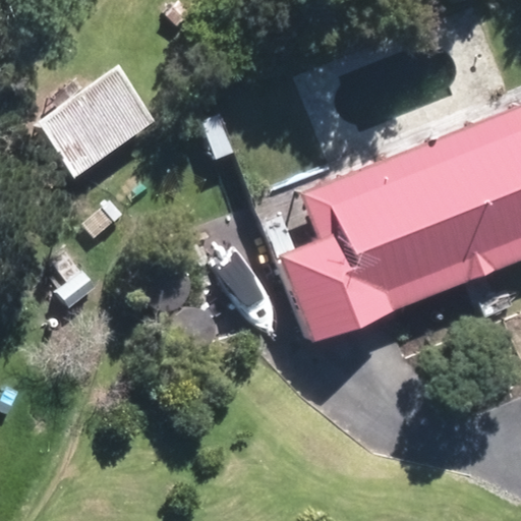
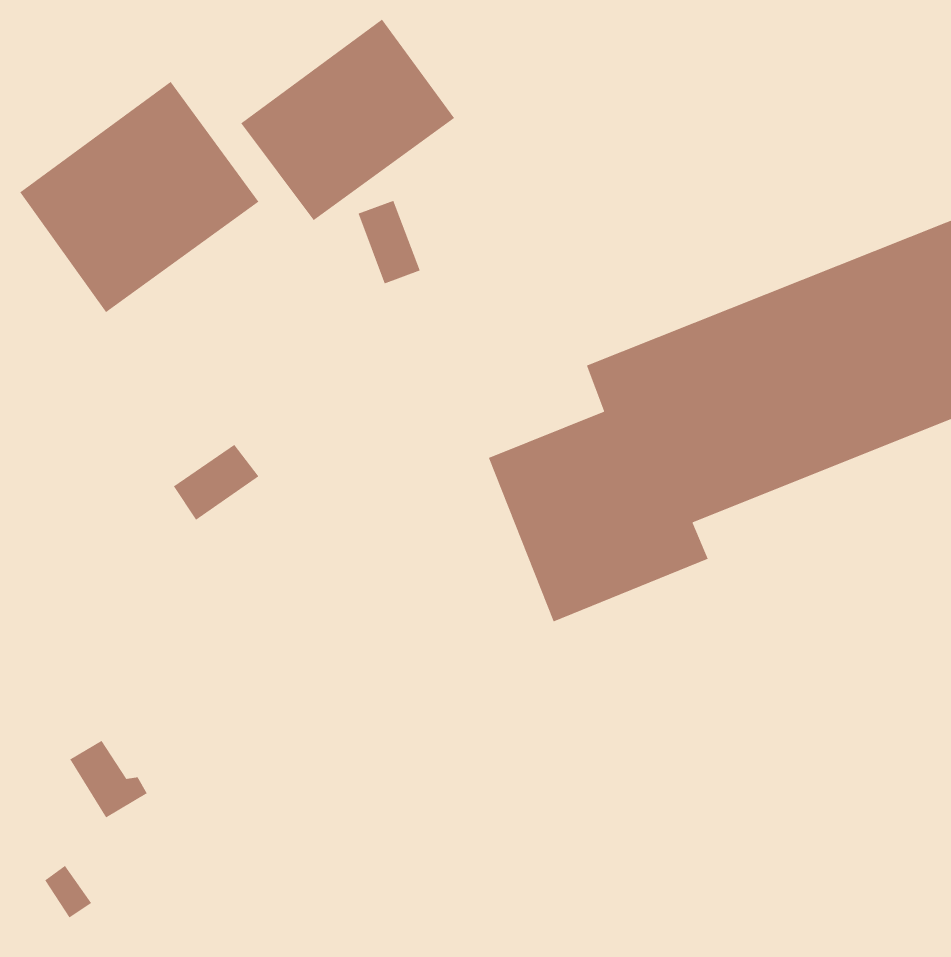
building: none -> [240,18,455,221]

